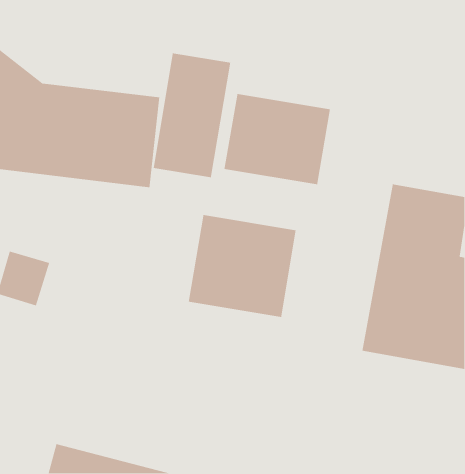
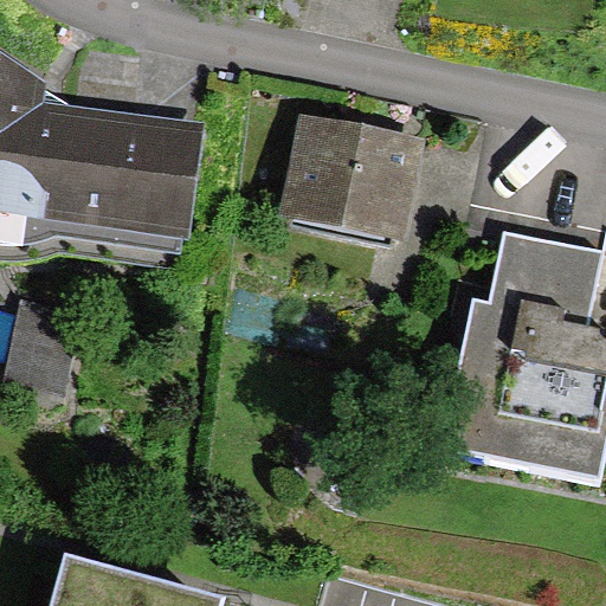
building: [153,53,231,178] -> none
building: [188,214,297,318] -> none

